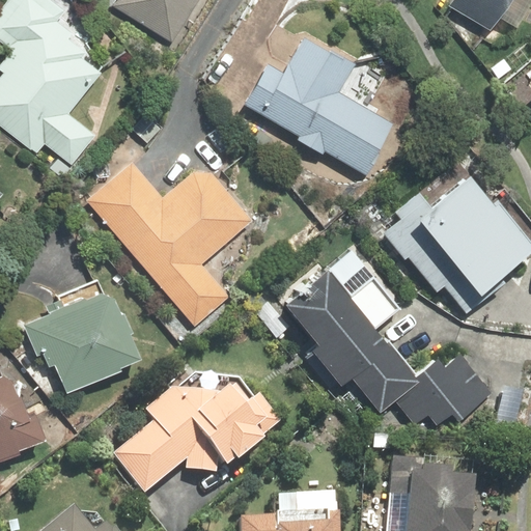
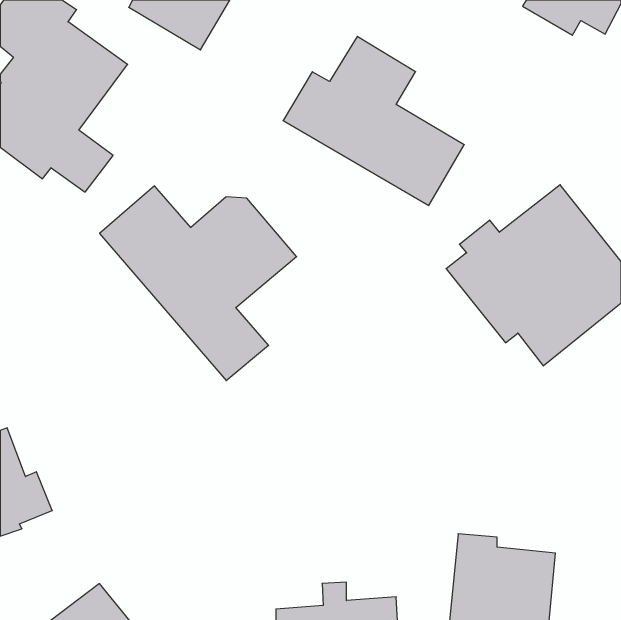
building: [273,263,495,435] -> none
building: [21,283,144,393] -> none
building: [111,373,283,498] -> none

